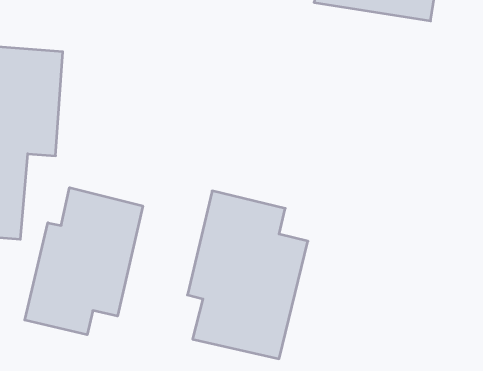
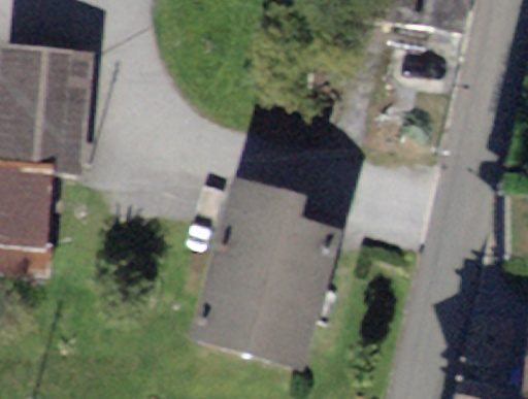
building: [25,188,143,335] -> none

